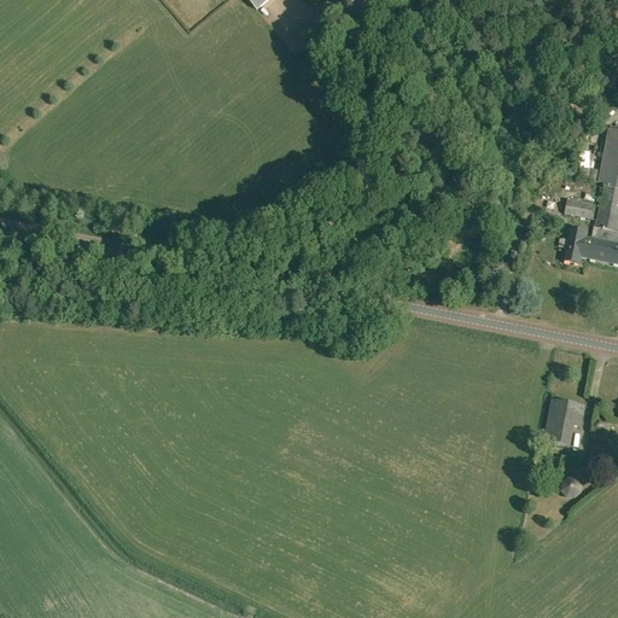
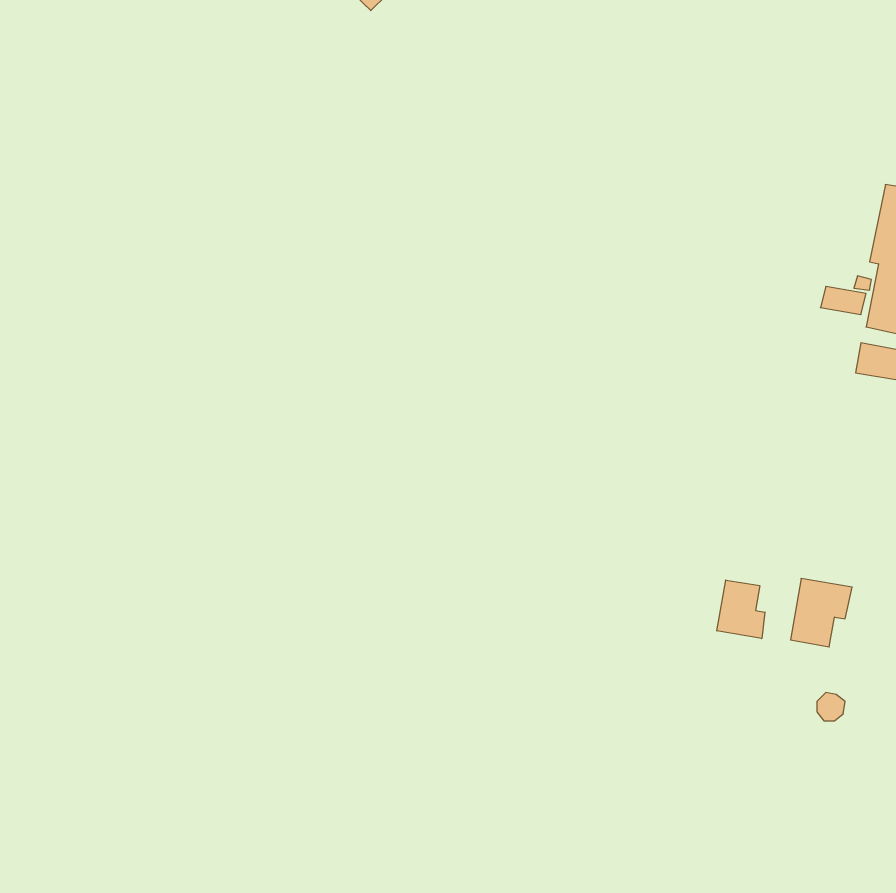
building: [564,226,593,262] -> none
building: none -> [717,580,765,639]

